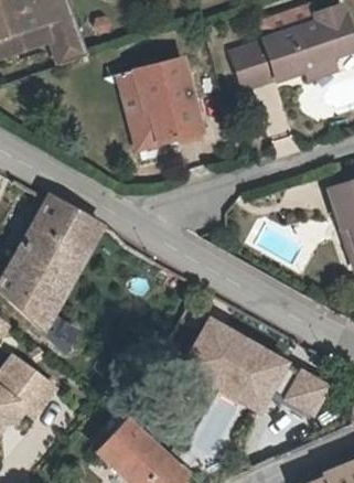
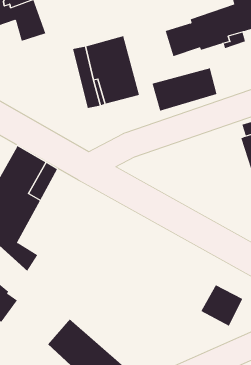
building: none -> [152,67,217,111]
building: [178,322,291,414] -> none

